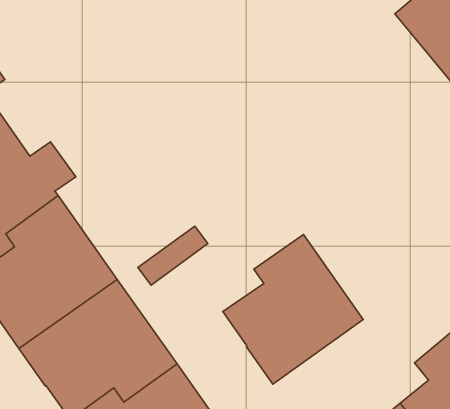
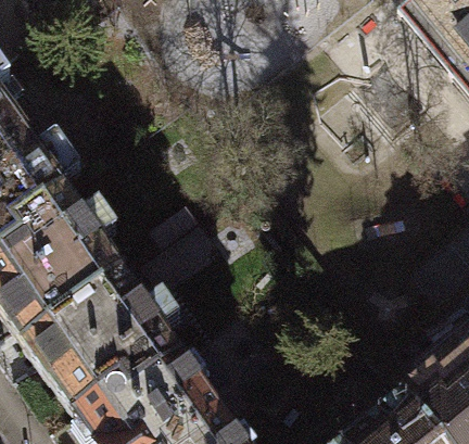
building: [223,234,363,384] -> none

